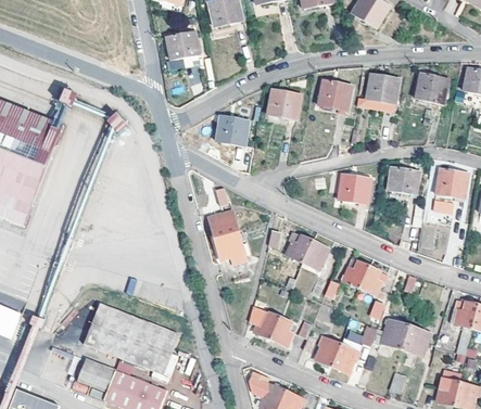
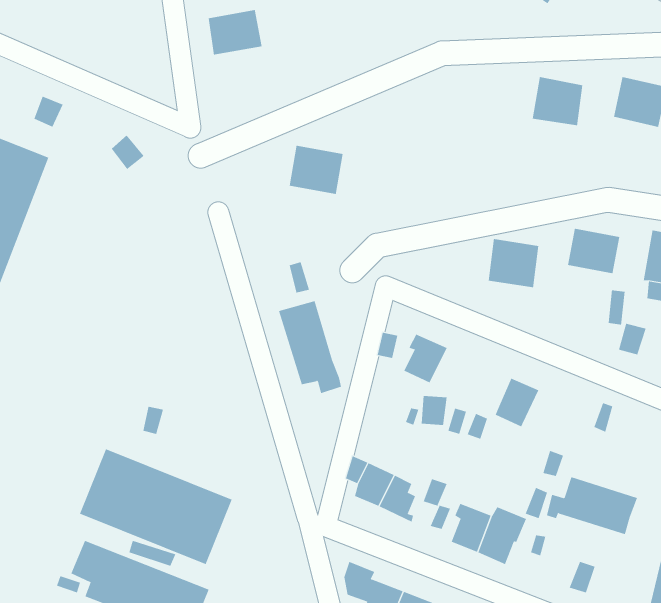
building: [318,79,352,108] -> none
building: [266,89,300,118] -> none
building: [302,240,328,269] -> none
building: [358,266,388,297] -> none

